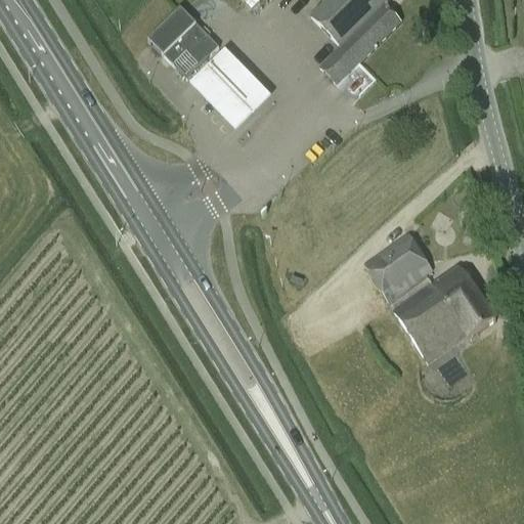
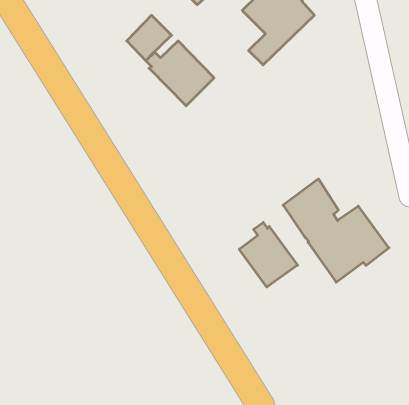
building: [148,6,194,52] -> none
building: none -> [239,222,298,287]

